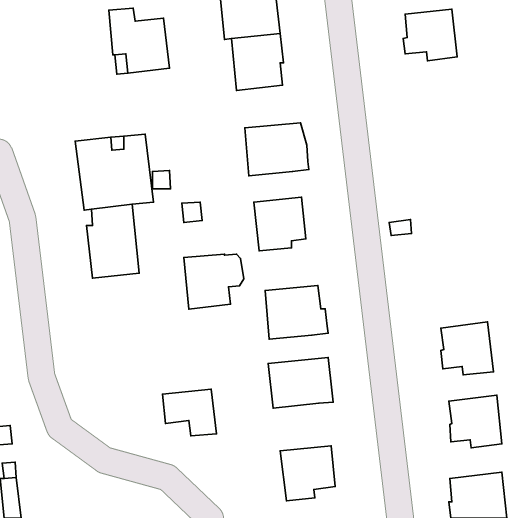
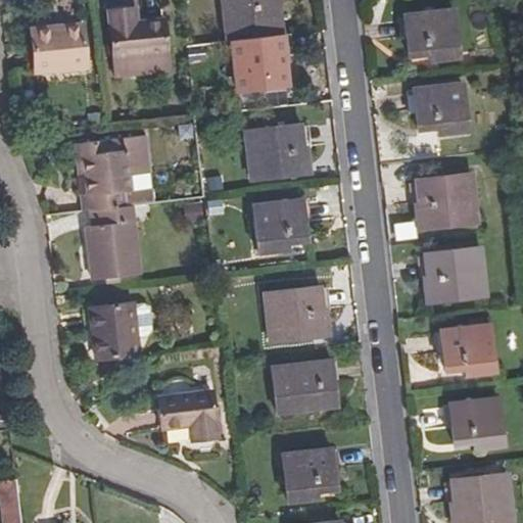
building: none -> [34,26,88,73]
building: none -> [416,82,469,135]
building: none -> [414,168,478,224]
building: none -> [424,249,487,306]
building: [184,254,244,309] -> [91,304,151,360]

